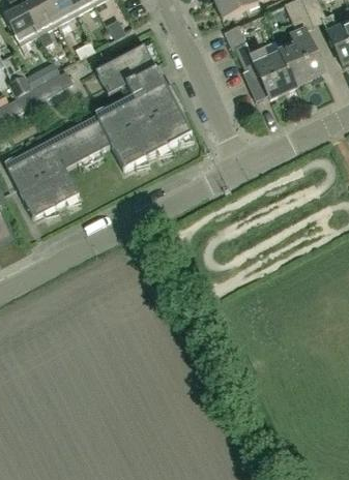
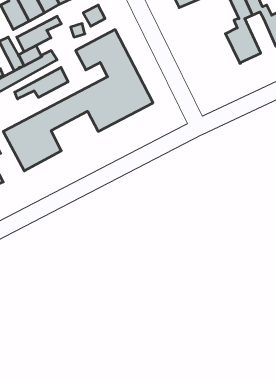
building: none -> [17,16,61,52]
building: [234,40,297,96] -> none
building: none -> [15,67,68,99]

